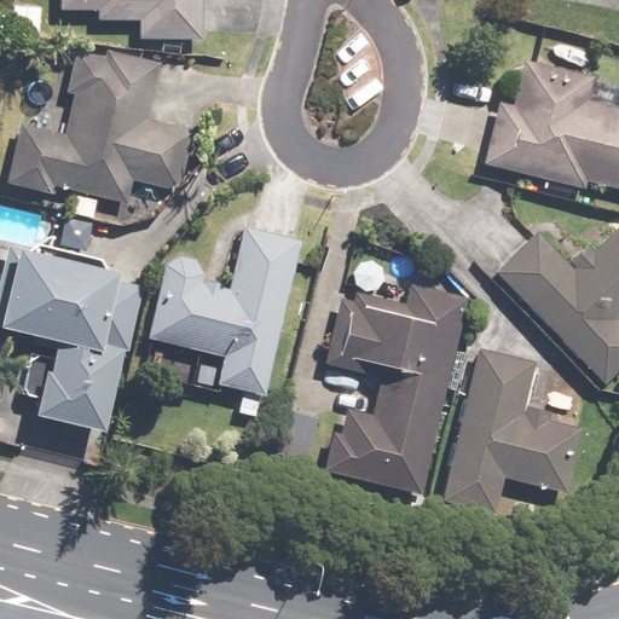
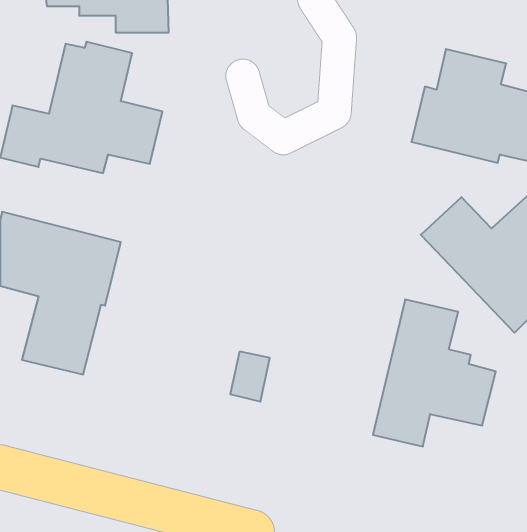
building: [147,226,303,399] -> none
building: [320,282,469,494] -> none

